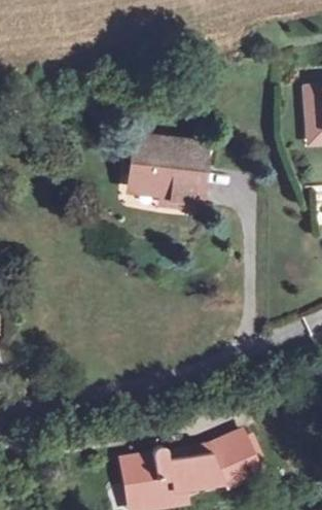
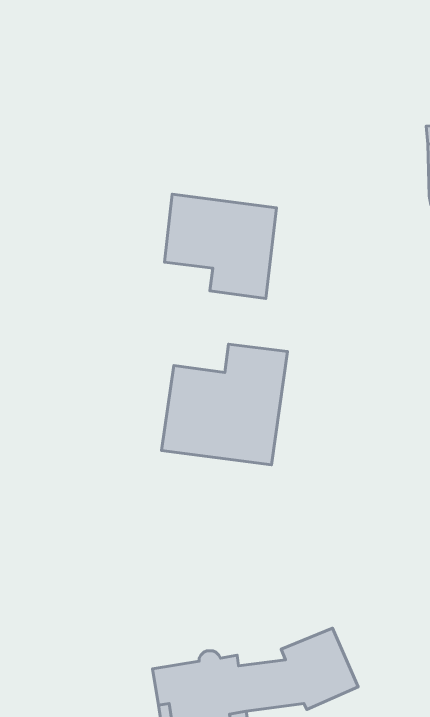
building: none -> [161,344,288,465]

